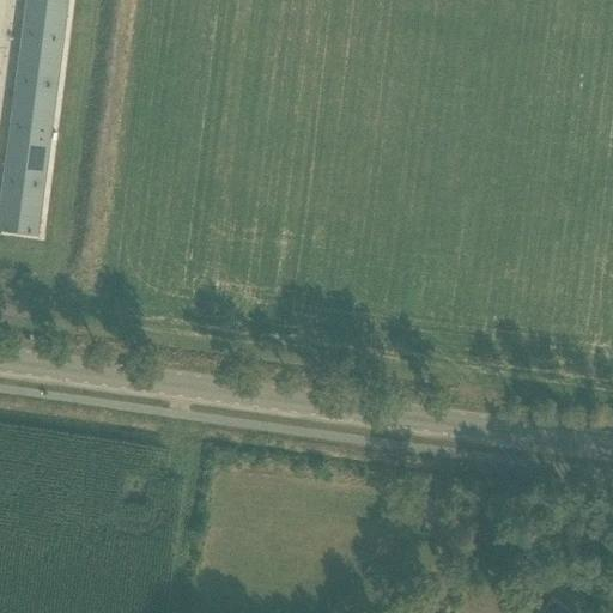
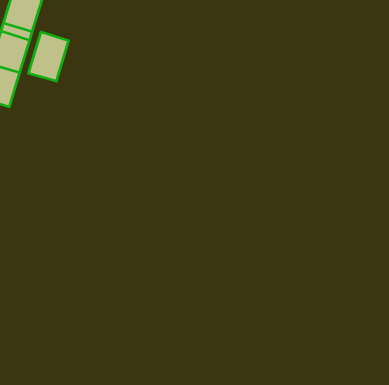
building: none -> [29,32,69,81]

